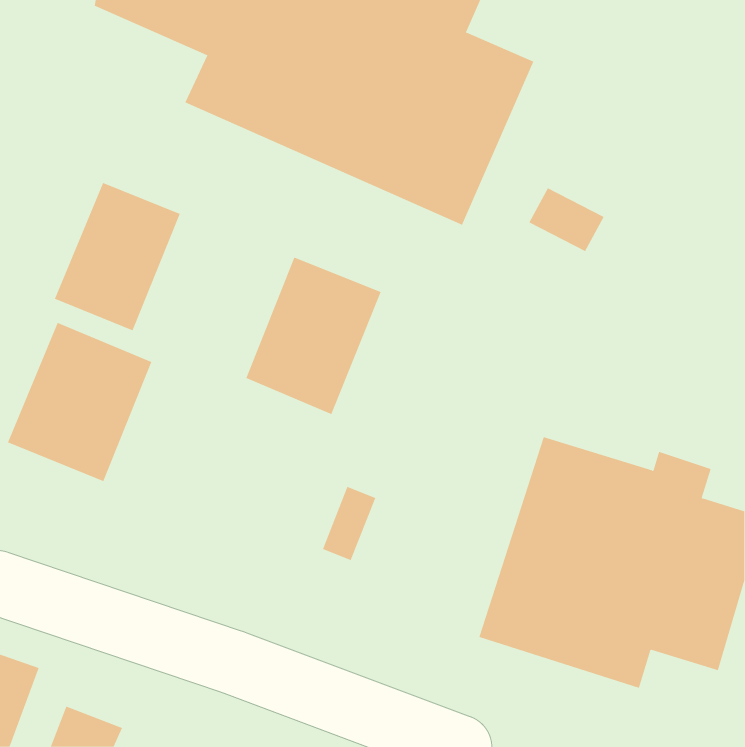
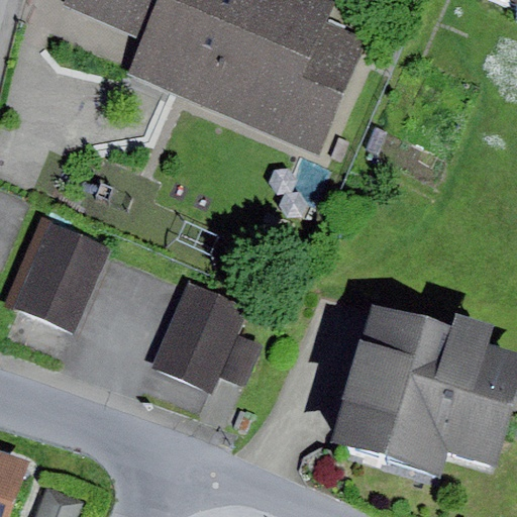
building: [54,182,181,331] -> none
building: [245,257,382,415] -> [151,284,245,393]

